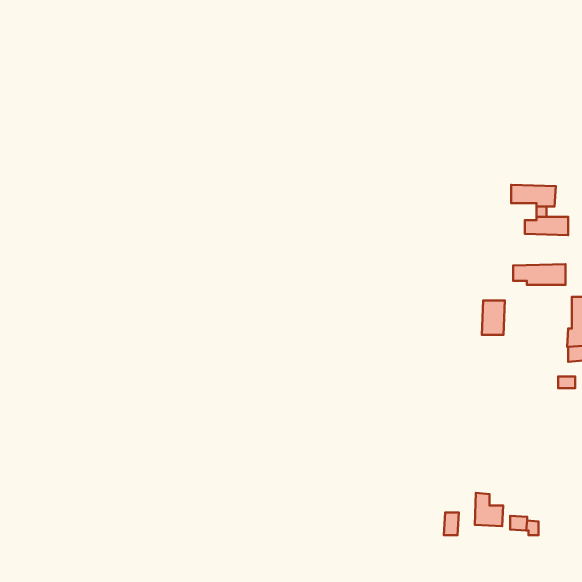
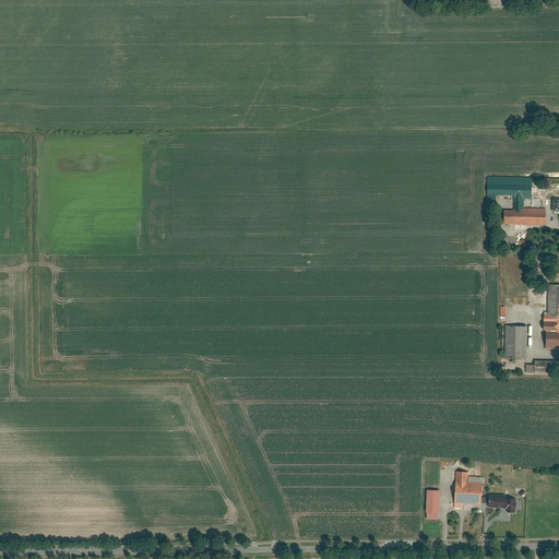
building: [513,264,565,285] -> none
building: [482,301,505,335] -> [504,326,526,359]

